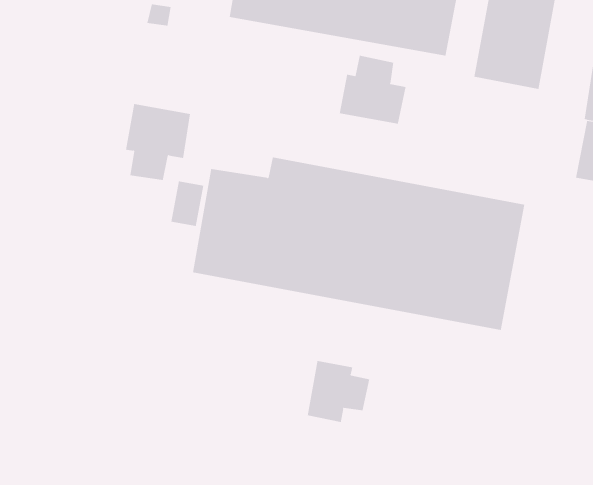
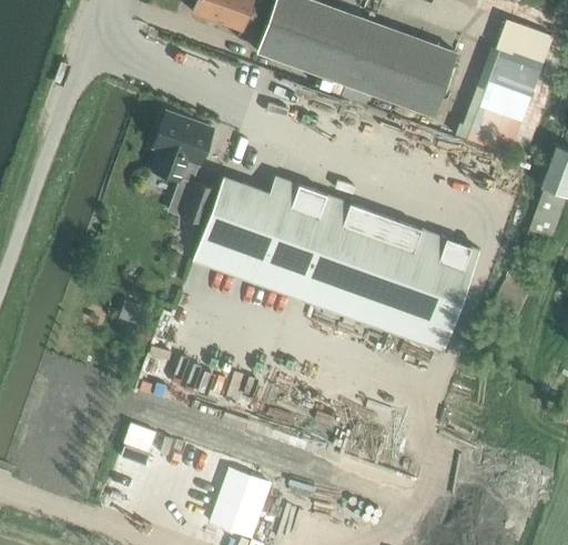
building: [339,55,406,125] -> none
building: [307,360,370,423] -> none

